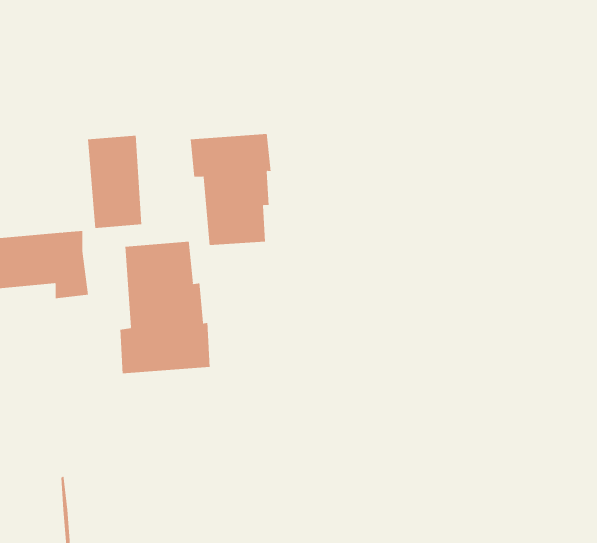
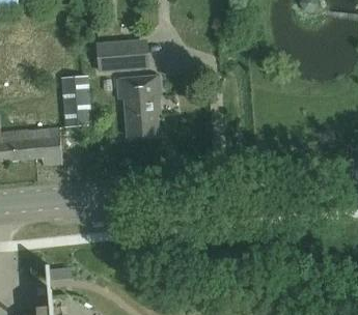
building: none -> [97,38,149,73]
building: [120,241,210,374] -> none

